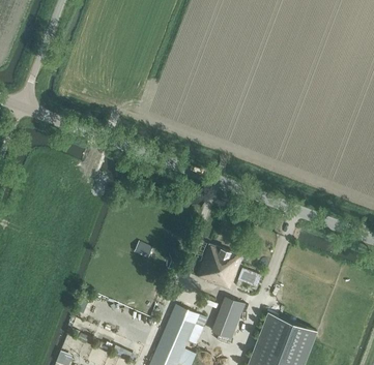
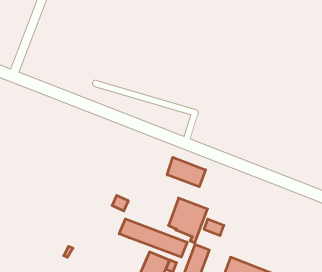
building: none -> [167,157,206,187]
building: none -> [119,219,187,257]

